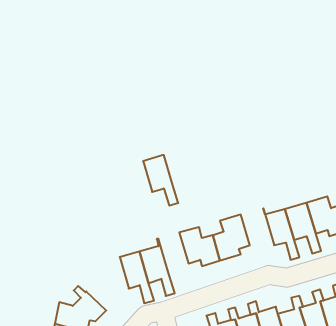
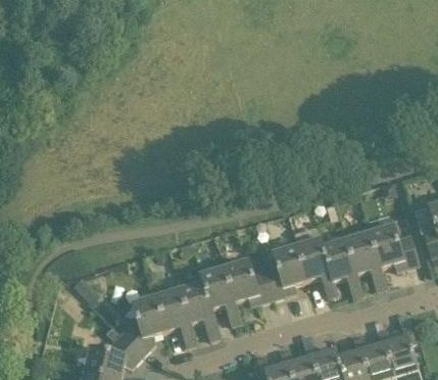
building: [143,155,178,206] -> [202,266,242,323]
building: none -> [295,238,336,295]
building: none -> [120,293,168,353]

